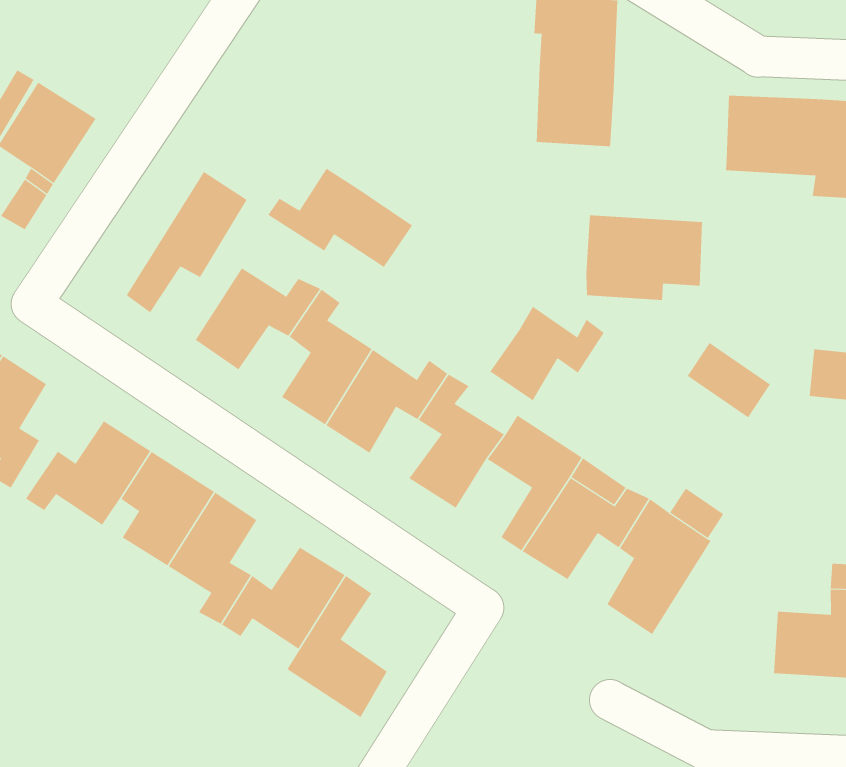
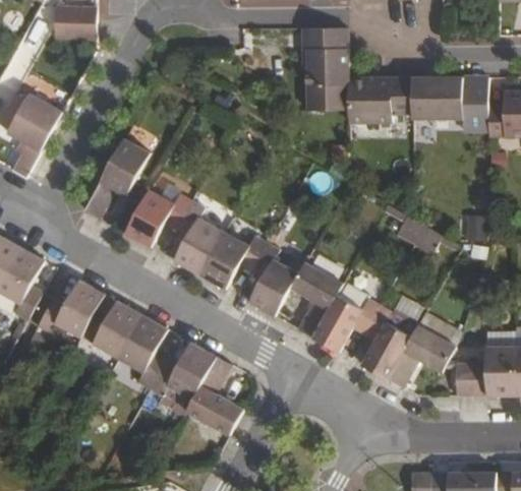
building: [268,168,413,268] -> none
building: [586,215,703,300] -> [348,77,412,122]
building: [490,306,605,401] -> none
building: none -> [388,324,456,386]

